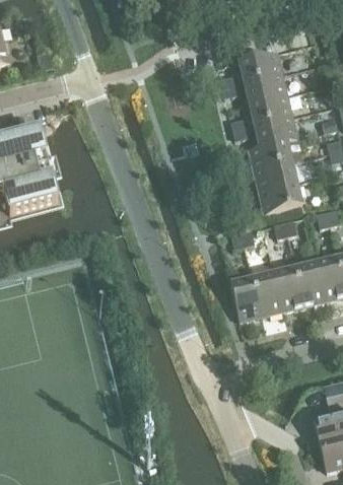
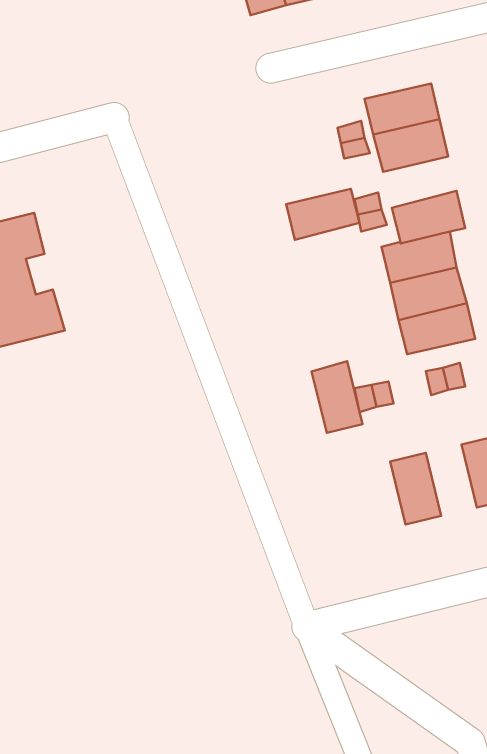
building: [249,95,292,126] -> [286,189,359,240]
building: [274,267,304,309] -> none
building: [231,277,262,320] -> [311,361,362,433]

